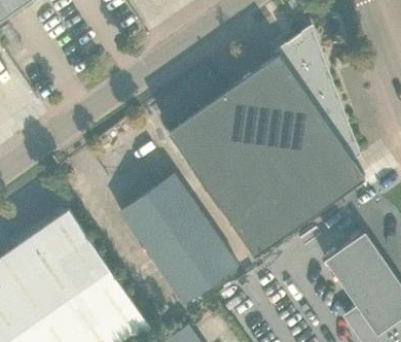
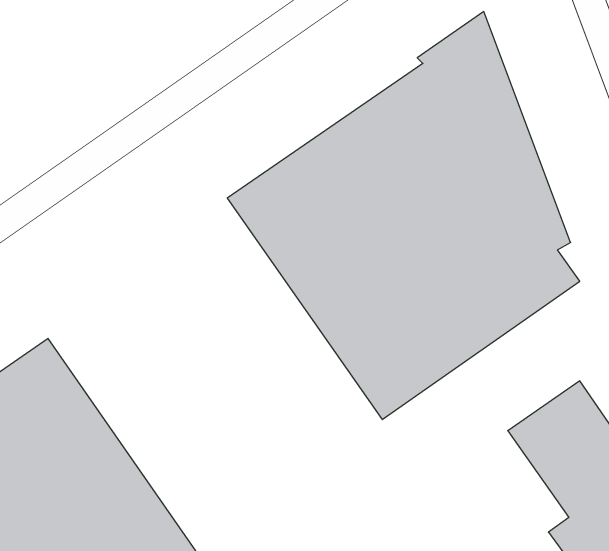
building: [119,175,238,304] -> none

